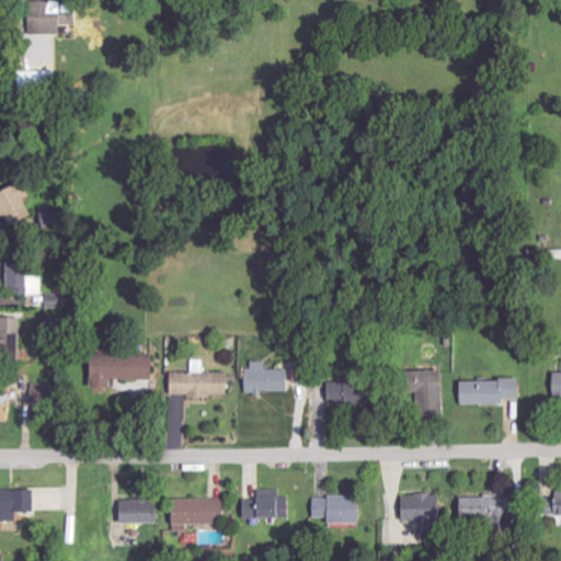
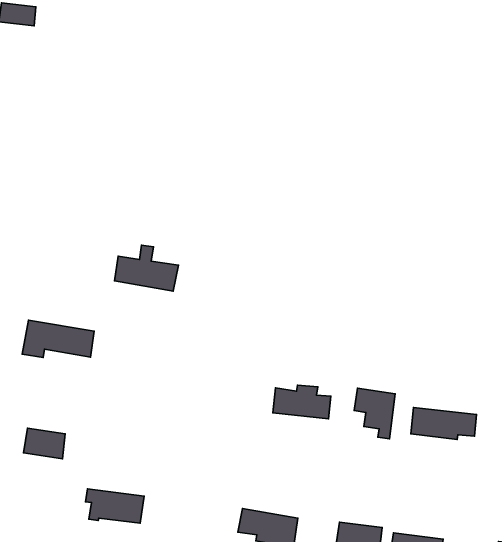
building: [169,359,225,397] -> [114,245,178,291]
building: [241,362,286,393] -> none
building: [241,490,291,518] -> none
building: [118,501,154,524] -> [24,428,65,459]

